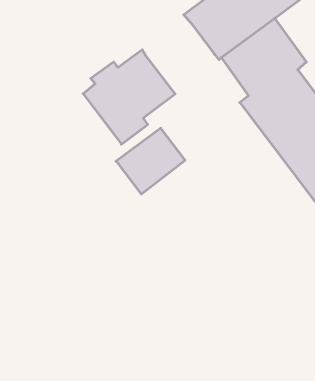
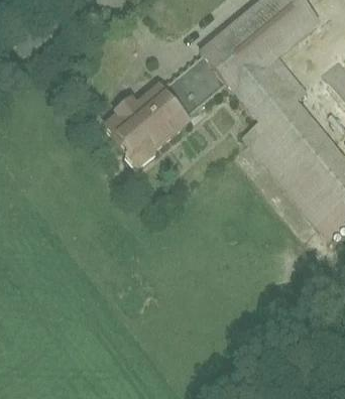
building: [116,128,185,194] -> [160,57,224,118]

